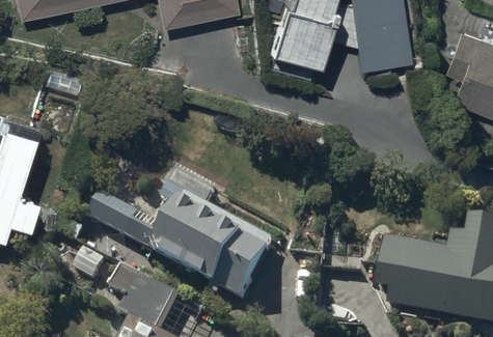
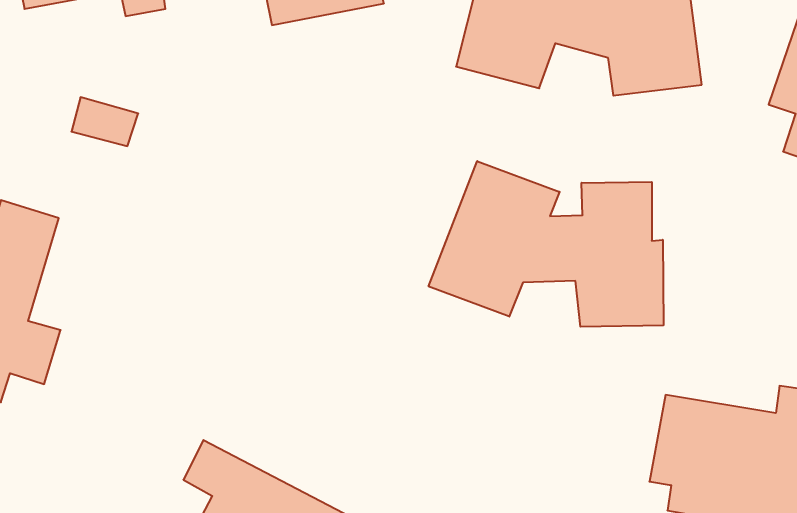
building: none -> [429,161,663,327]
building: [90,174,276,302] -> none

